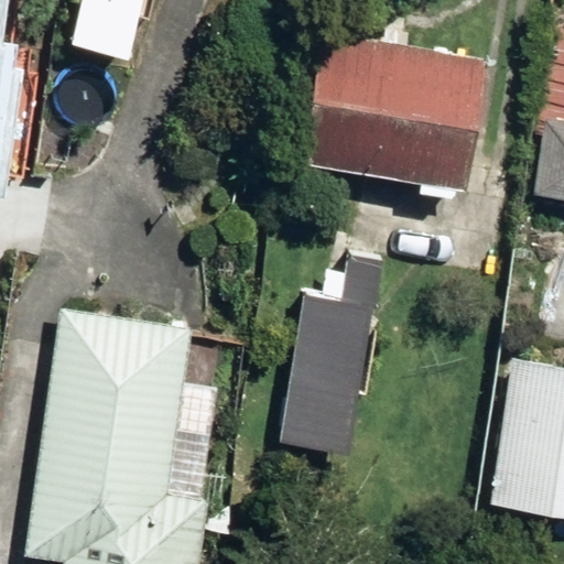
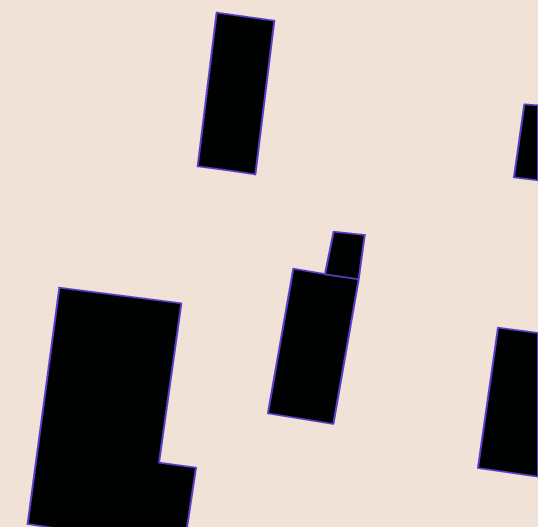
building: none -> [198,12,274,175]
building: [300,34,485,188] -> none

